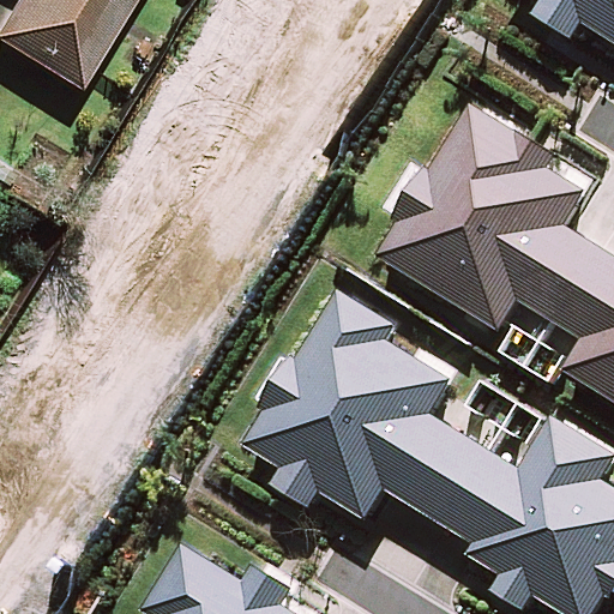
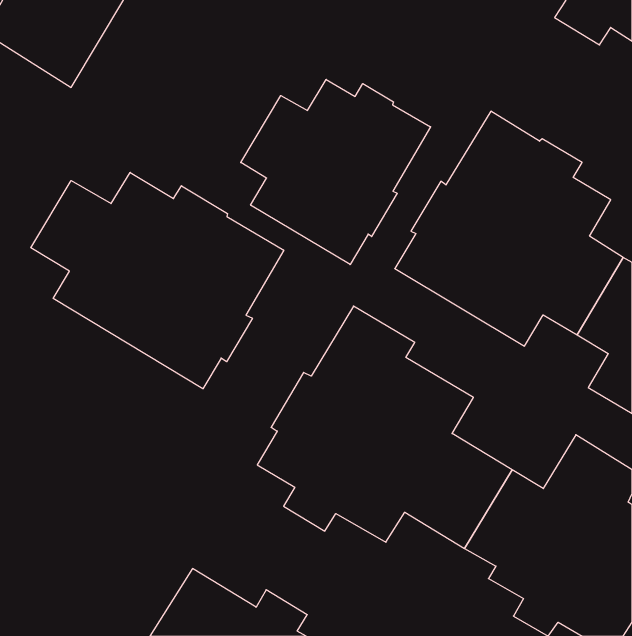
building: none -> [241,79,431,265]
building: none -> [31,172,284,389]

